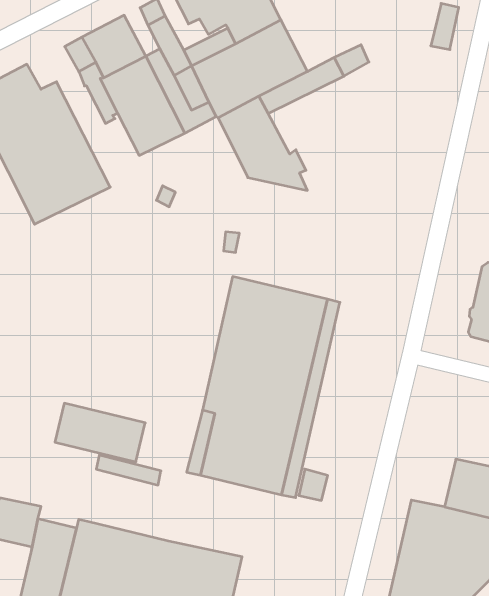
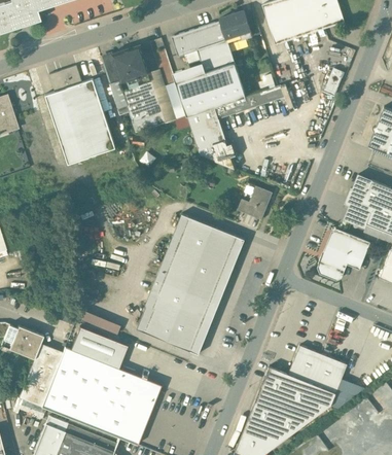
building: none -> [238,186,272,219]
building: [55,403,145,462] -> [70,326,127,369]

